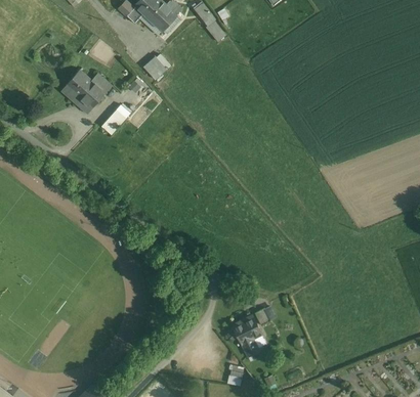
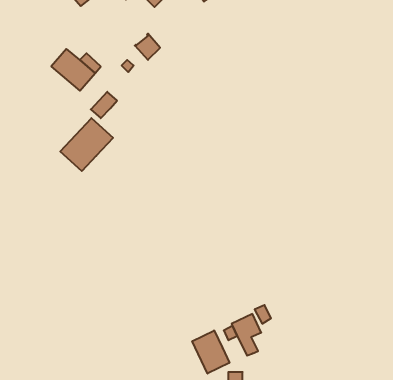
building: none -> [60,118,113,171]
building: none -> [192,330,229,374]

